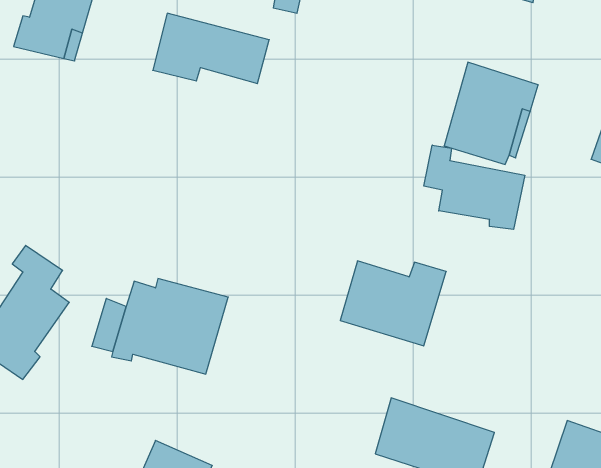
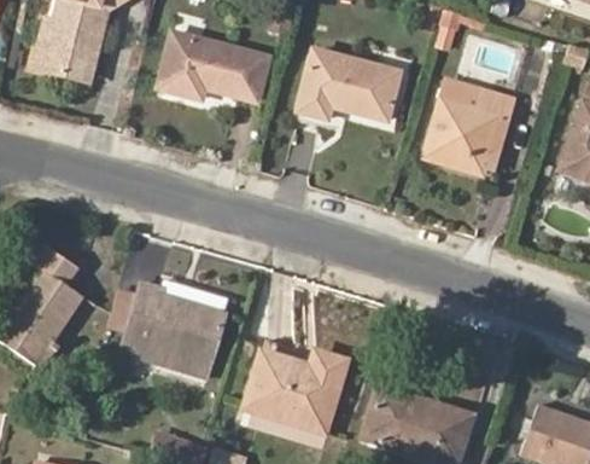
building: none -> [298,52,397,118]
building: [424,145,525,229] -> none
building: [340,261,446,346] -> [246,353,343,430]

